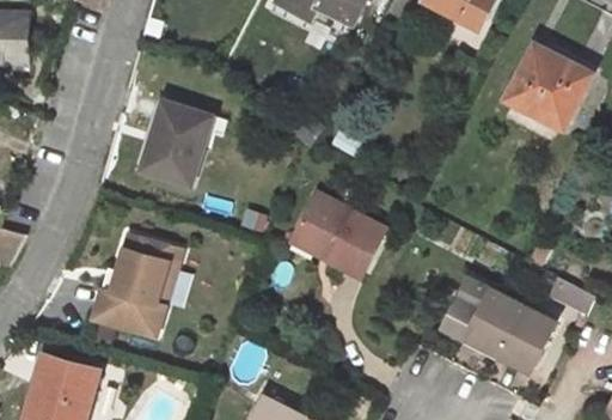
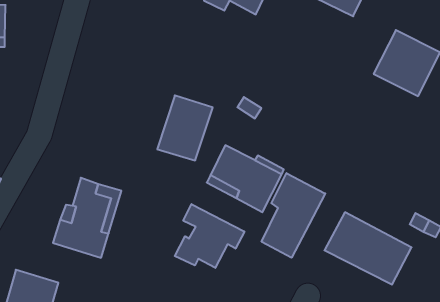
building: [140,102,212,185] -> [157,95,213,160]
building: none -> [262,173,325,258]
building: none -> [175,204,244,268]

